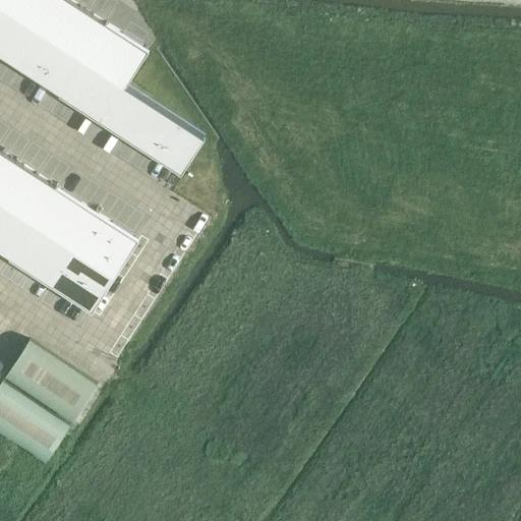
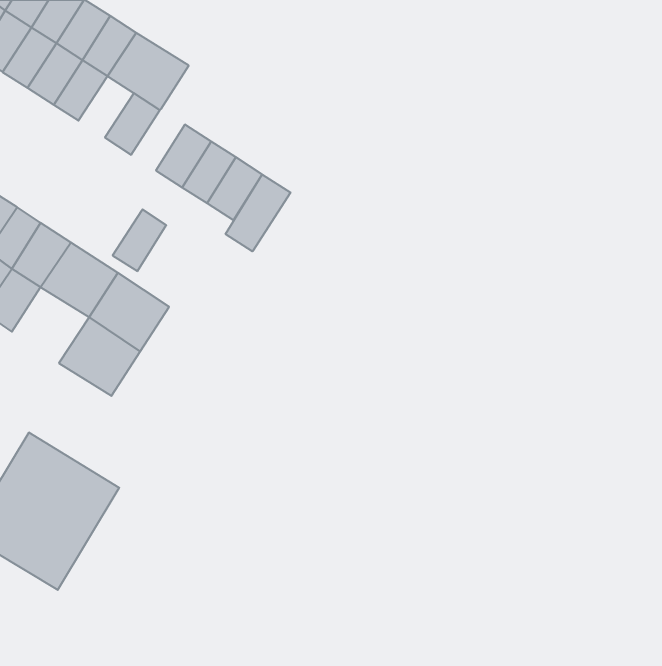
building: [61,62,104,110] -> none
building: [102,88,143,135] -> [113,209,166,271]
building: none -> [226,175,290,251]
building: [9,226,69,285] -> none

